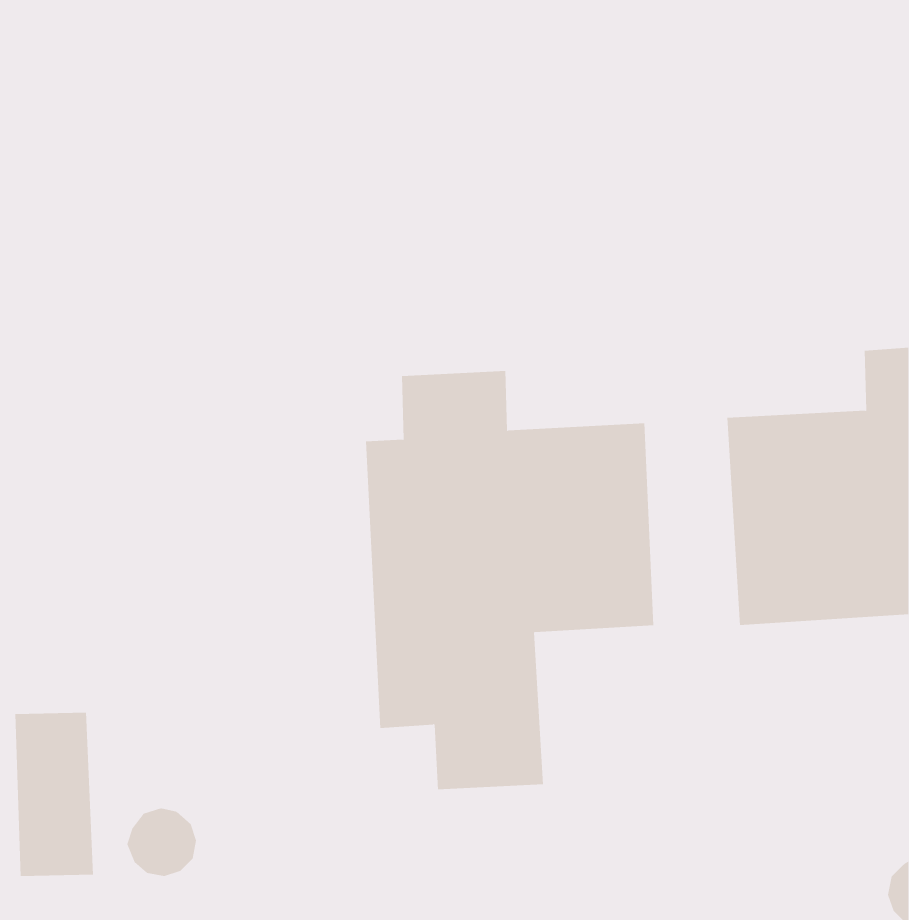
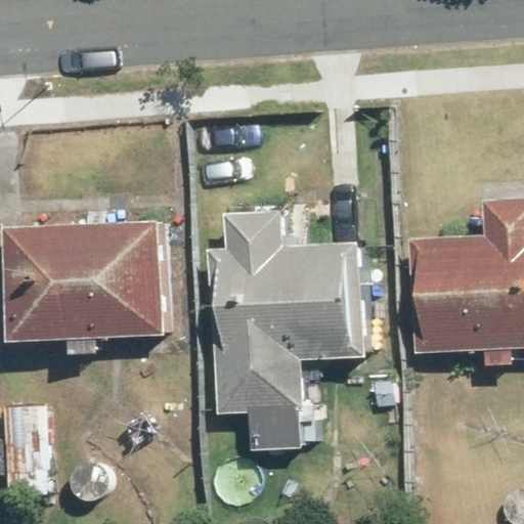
building: none -> [7,221,166,341]

